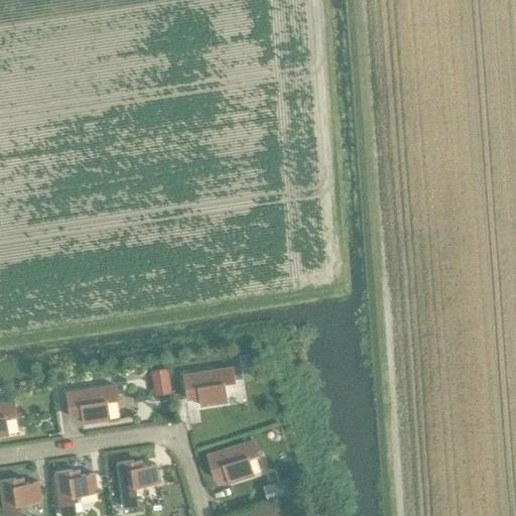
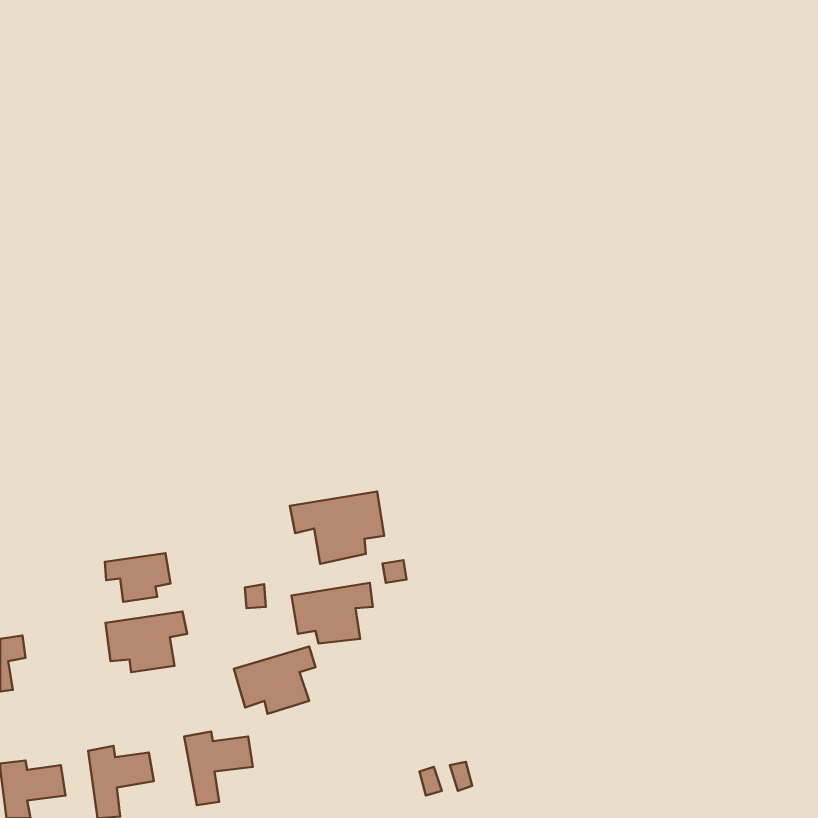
building: none -> [290,491,384,564]
building: none -> [105,553,171,602]
building: [207,440,258,483] -> [234,647,316,714]

